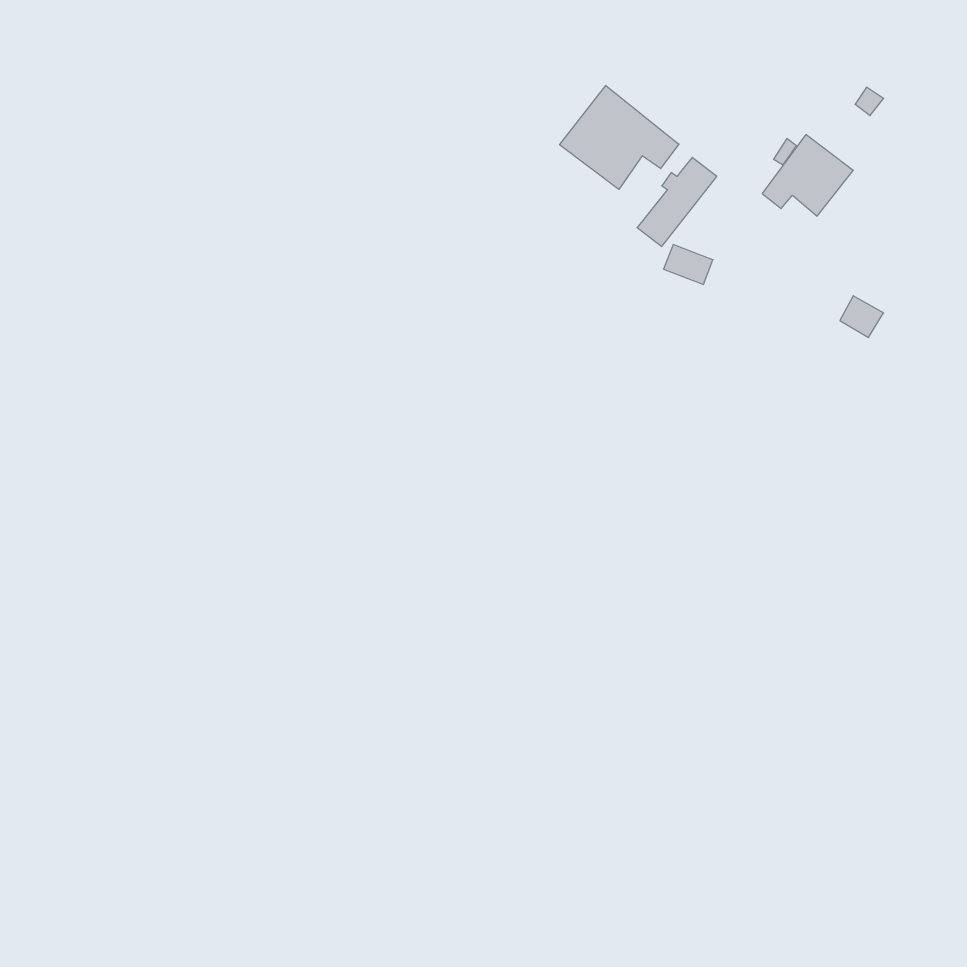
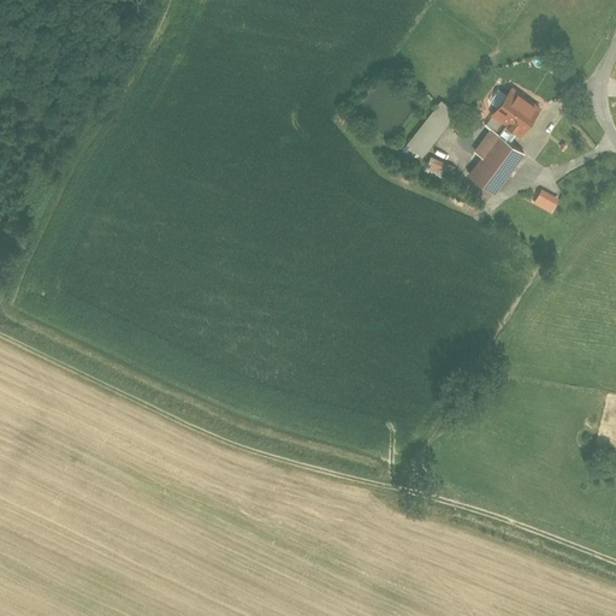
building: [560,85,679,189] -> none
building: none -> [467,124,525,195]

